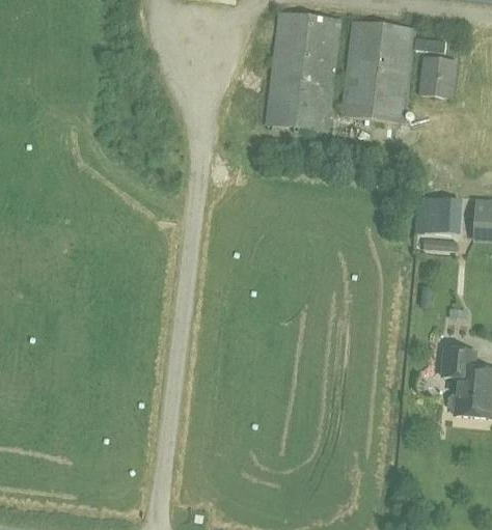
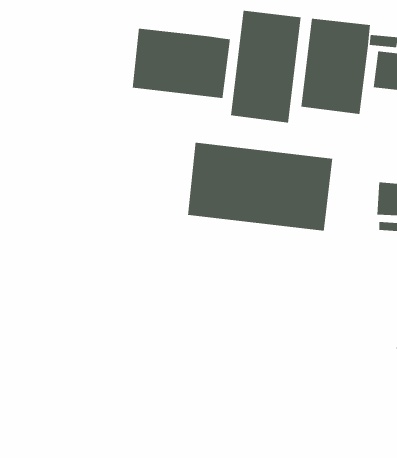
building: none -> [132,28,230,99]
building: none -> [188,142,333,232]

